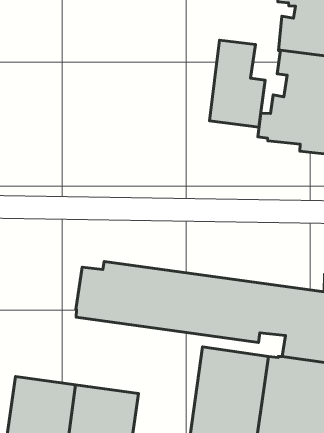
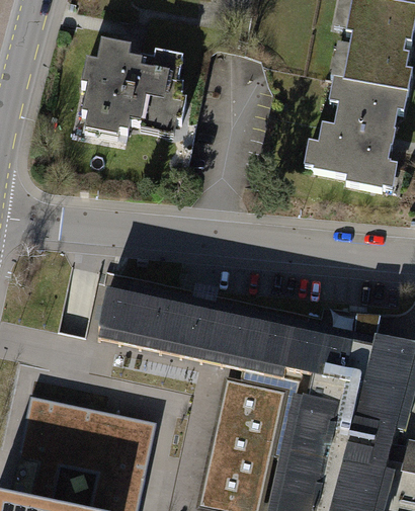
building: none -> [79,44,185,141]
building: [209,40,265,127] -> none

